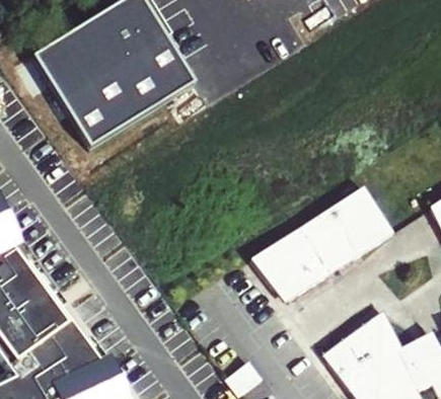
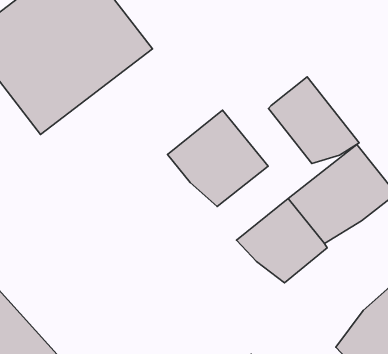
building: none -> [268,77,359,164]
building: none -> [167,110,268,207]

